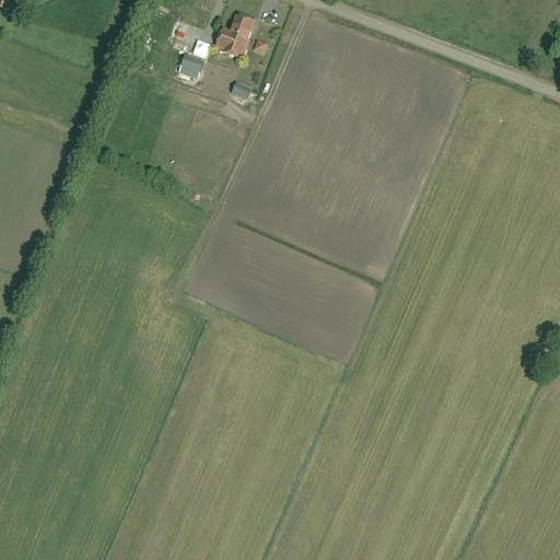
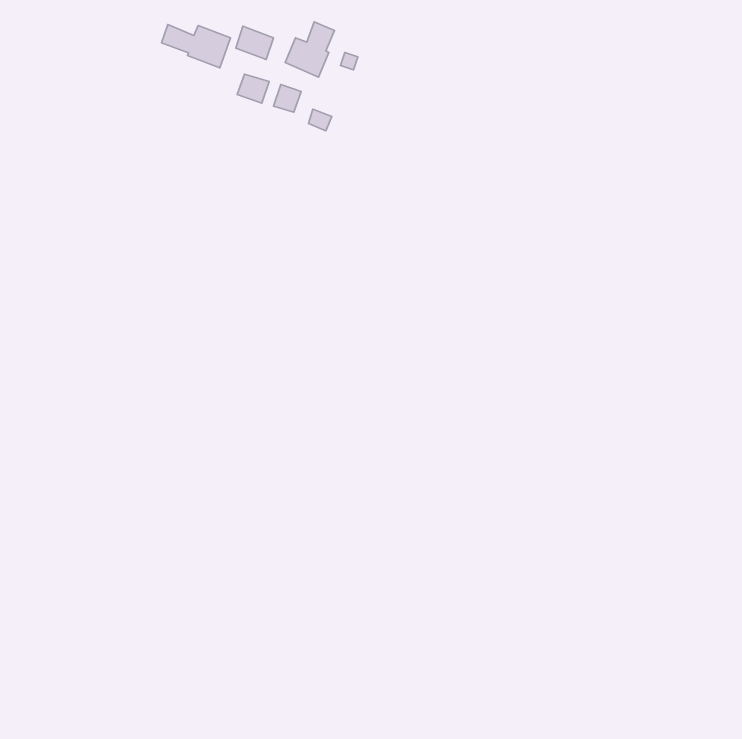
building: none -> [161,25,230,68]

